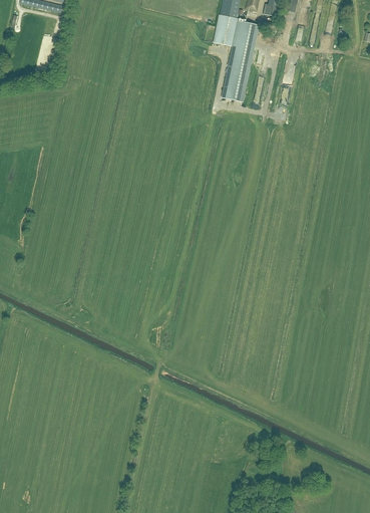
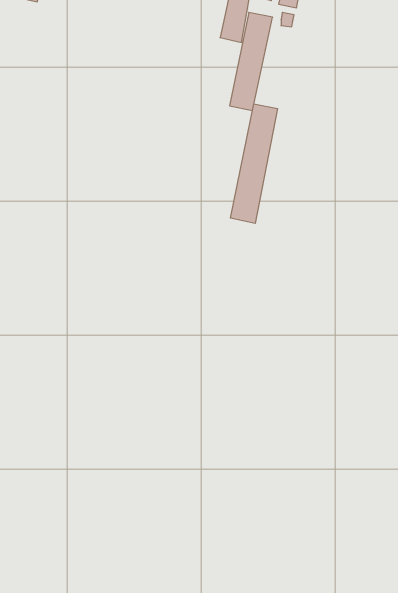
building: none -> [230,104,278,223]

